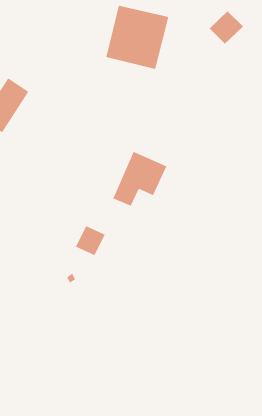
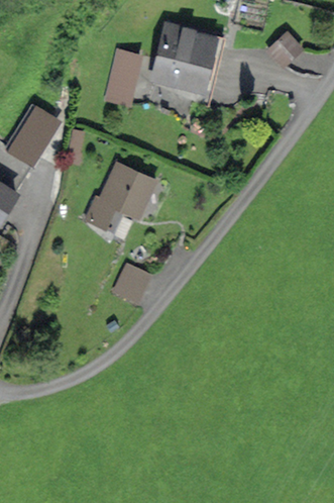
building: none -> [102,48,144,105]
building: [112,151,167,207] -> [91,169,152,231]

